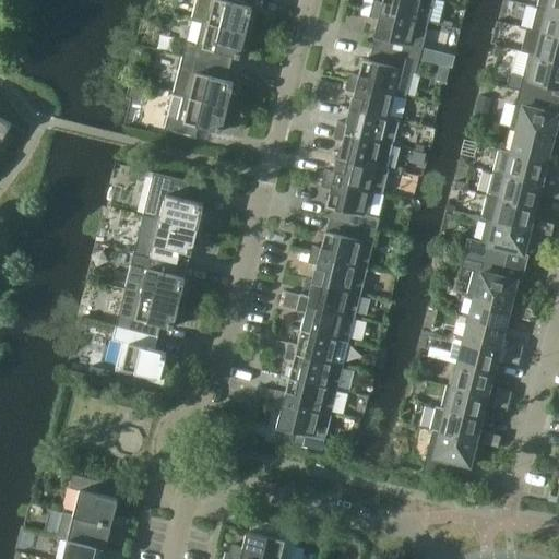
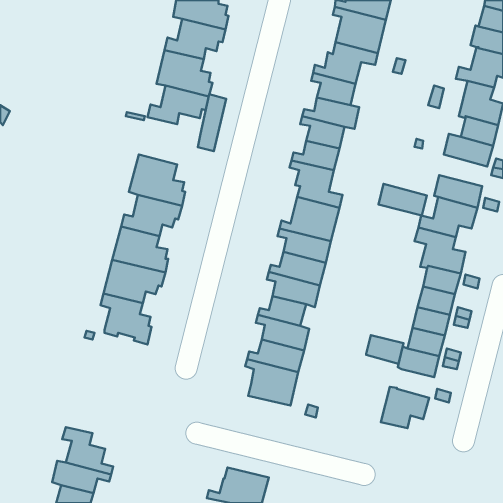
building: none -> [198,94,226,151]
building: [487,171,540,206] -> [379,184,427,215]
building: [440,409,481,441] -> [366,335,403,364]

